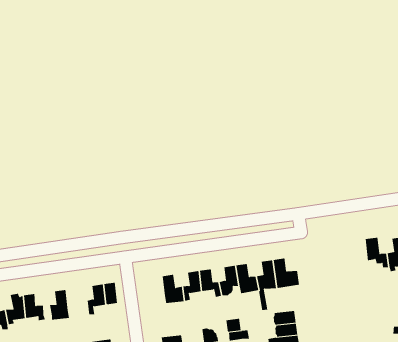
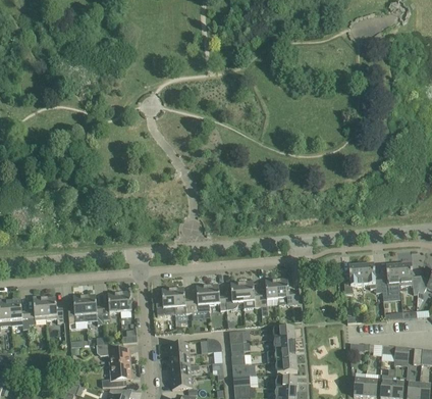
building: none -> [342,264,362,294]
building: none -> [156,288,174,315]
building: none -> [84,294,103,325]

